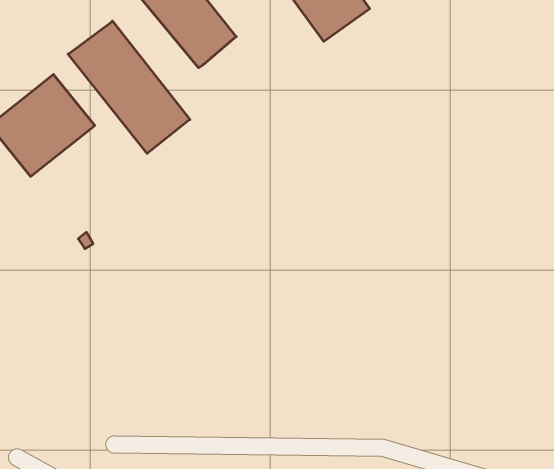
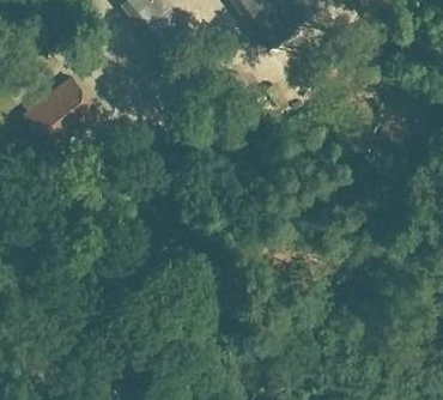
building: [68,21,190,153] -> none

